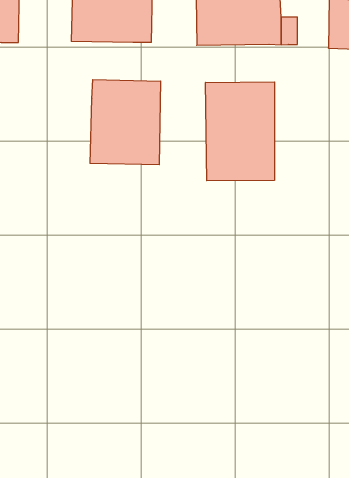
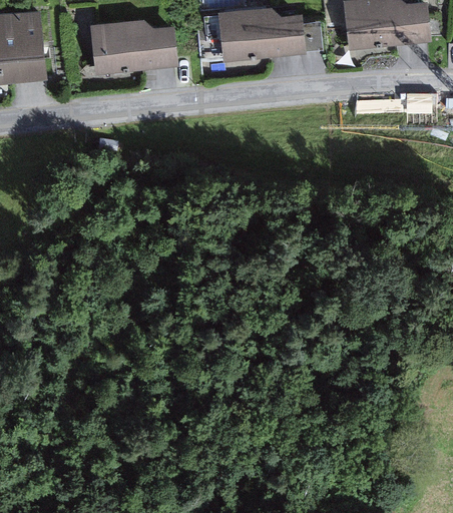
building: [90,80,161,165] -> none
building: [206,82,275,181] -> none

